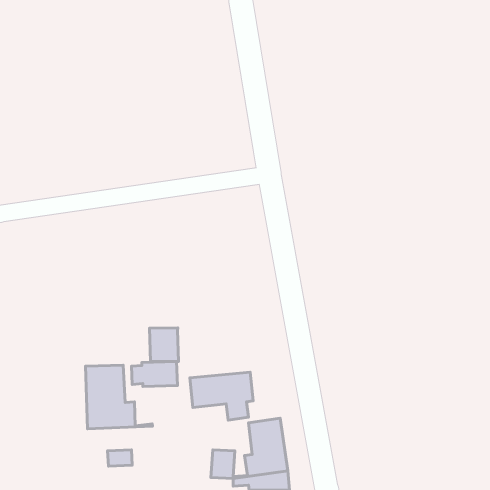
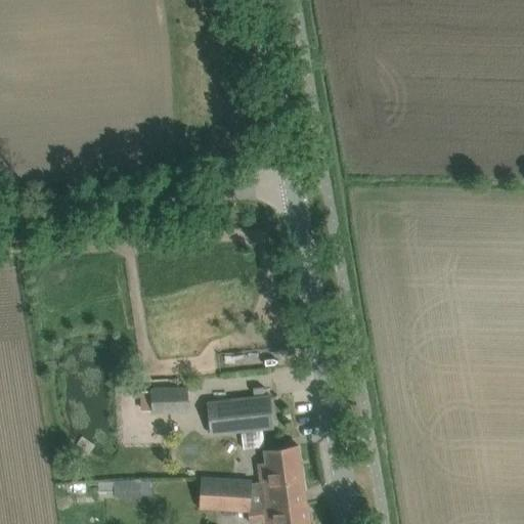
building: [149,328,179,362] -> none
building: [85,365,153,429] -> none
building: none -> [201,478,227,510]

